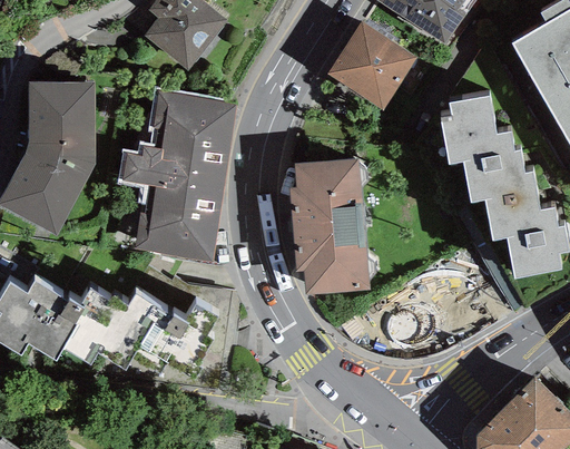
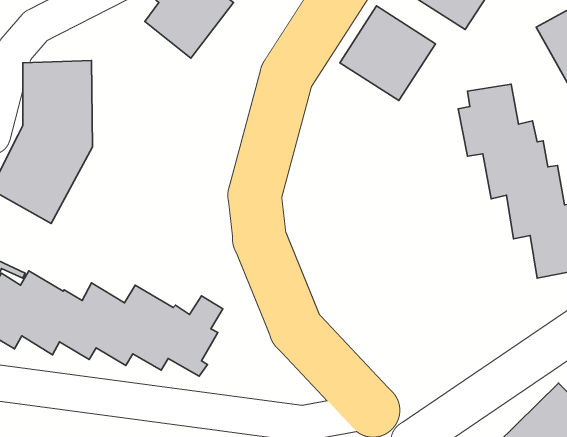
building: [117,88,235,263] -> none
building: [288,160,368,296] -> none

